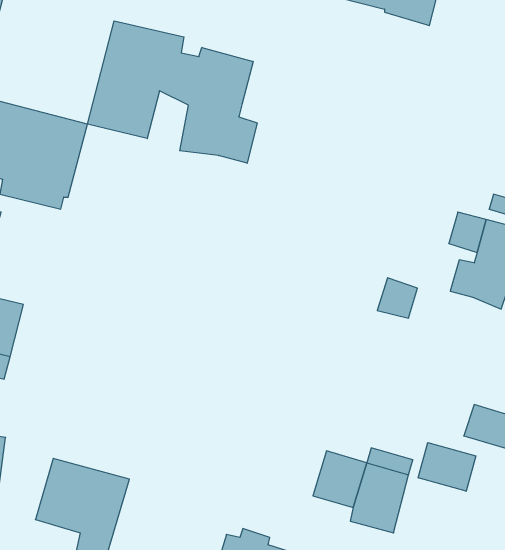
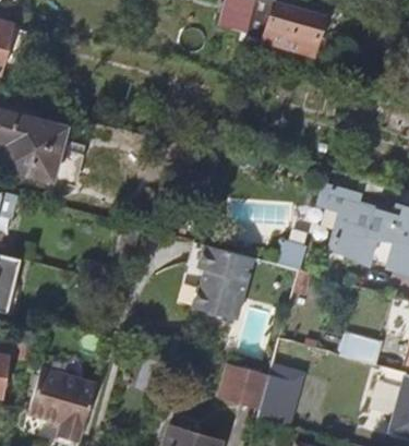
building: [88,21,257,163] -> none
building: none -> [194,244,255,320]
building: [418,443,476,491] -> none

